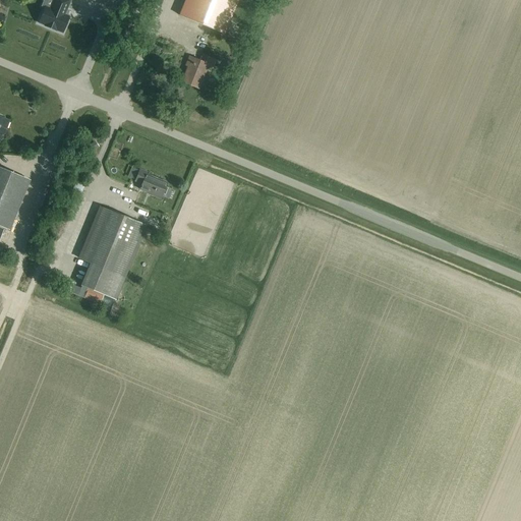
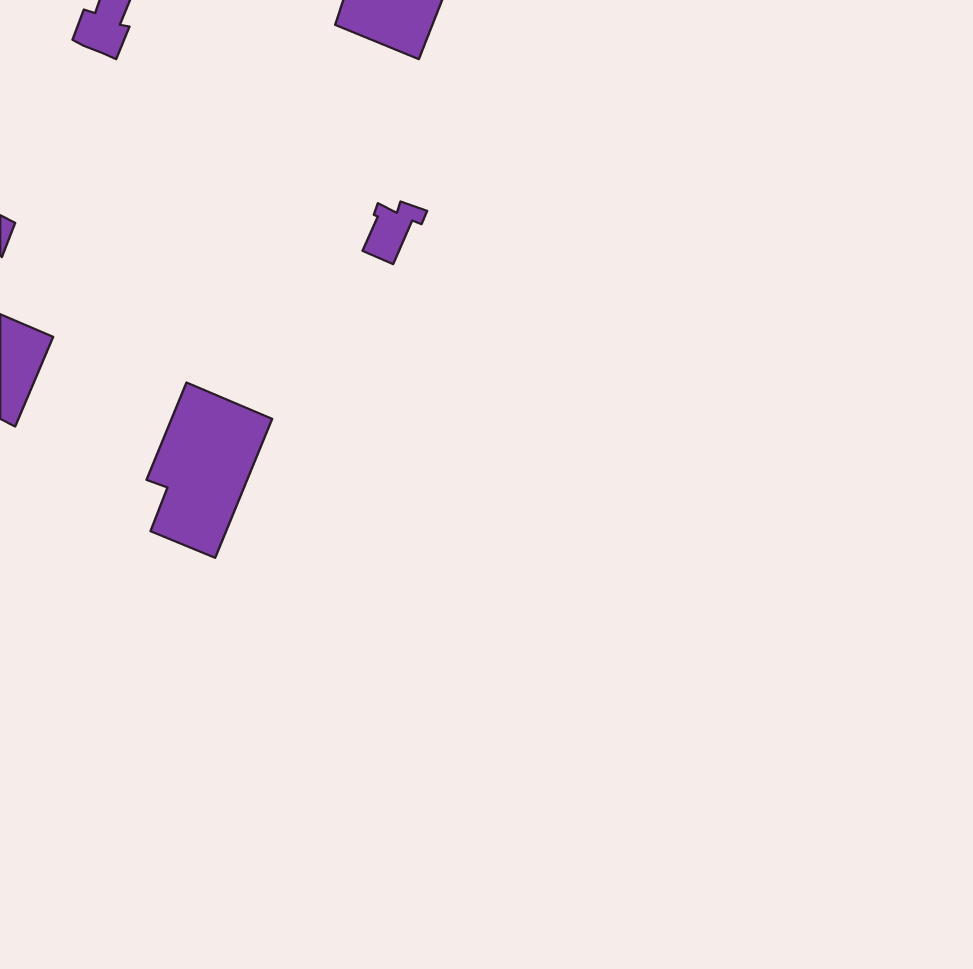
building: [181,53,216,86] -> [363,201,427,264]
building: [134,167,167,197] -> none

